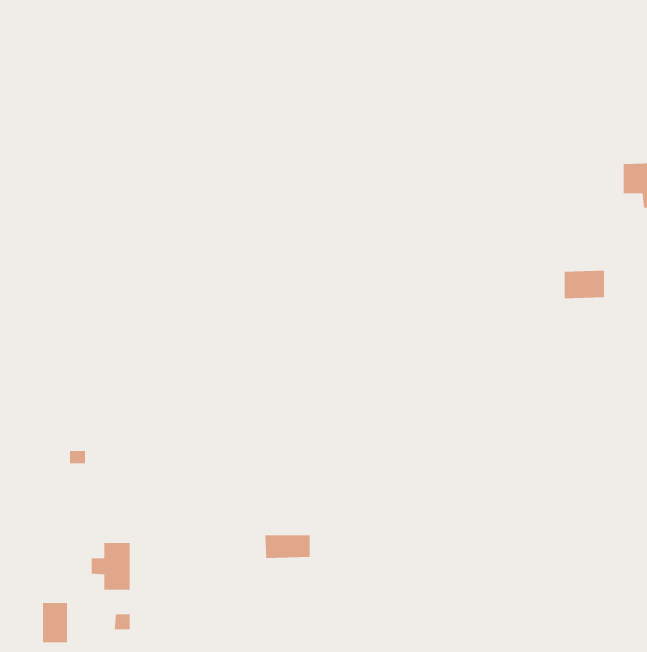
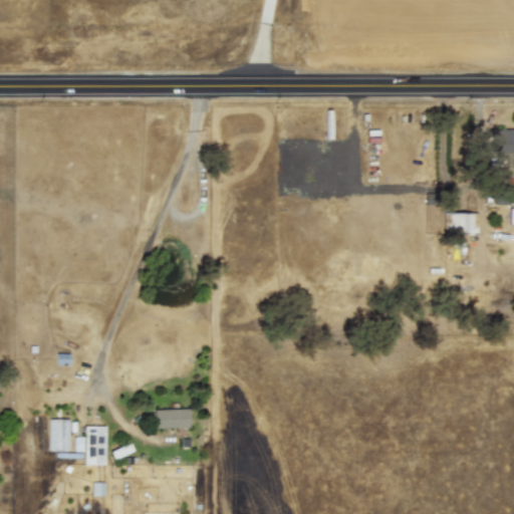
building: [264,534,310,559] -> [156,410,192,429]
building: [42,602,68,643] -> [51,420,71,452]

